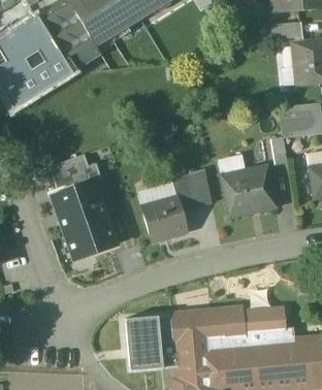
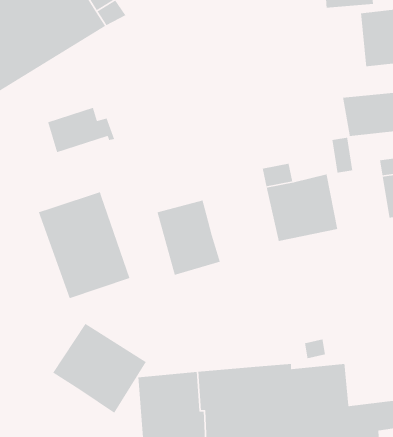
building: [51,156,102,191] -> [47,107,115,153]
building: [172,171,212,212] -> none
building: none -> [52,323,147,414]

